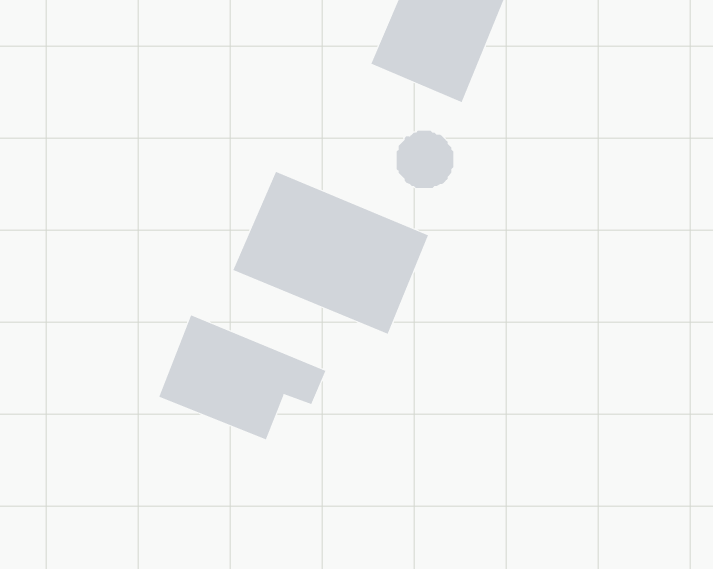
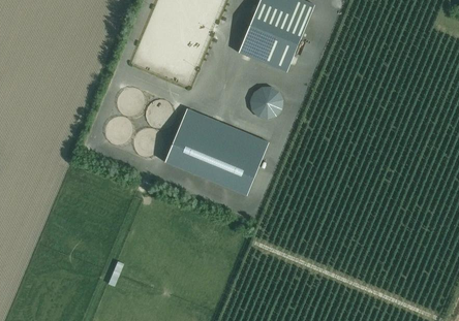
building: [158,315,326,440] -> none

